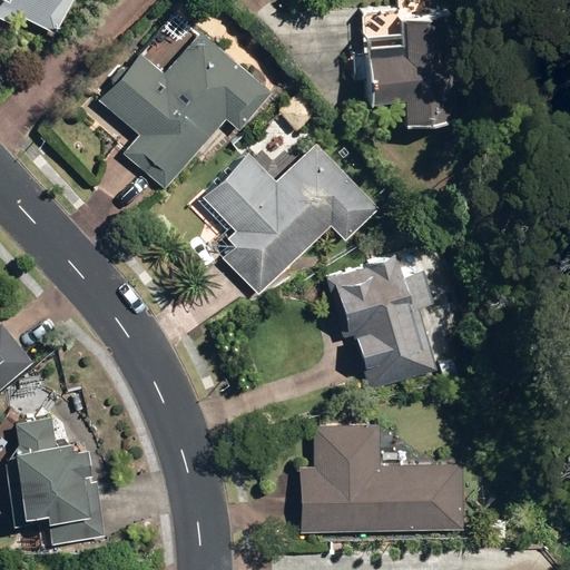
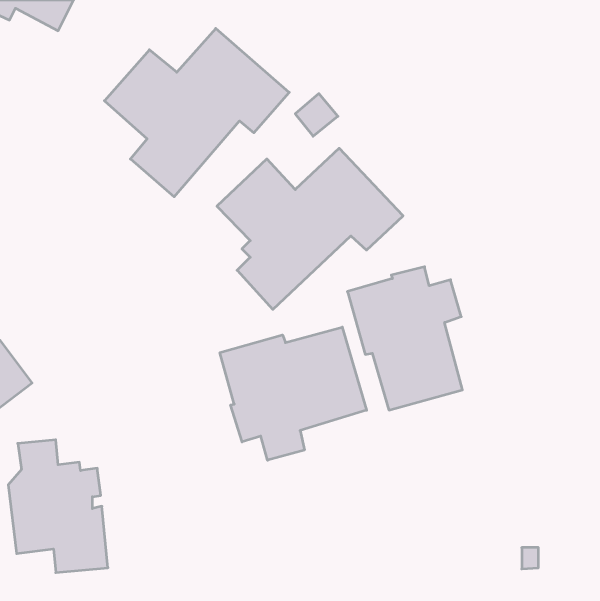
building: [353,12,454,121] -> none
building: none -> [220,327,367,460]
building: [298,425,464,534] -> none

